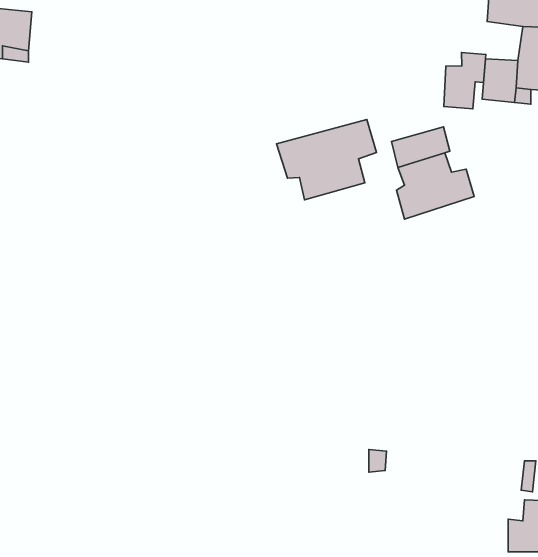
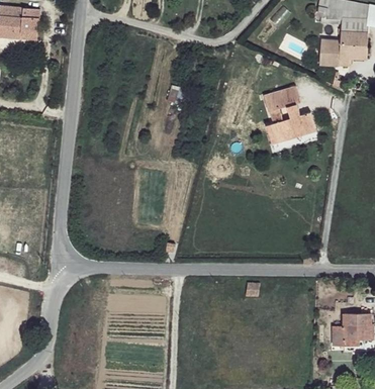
building: [444,52,486,109] -> none
building: [276,120,377,200] -> none

